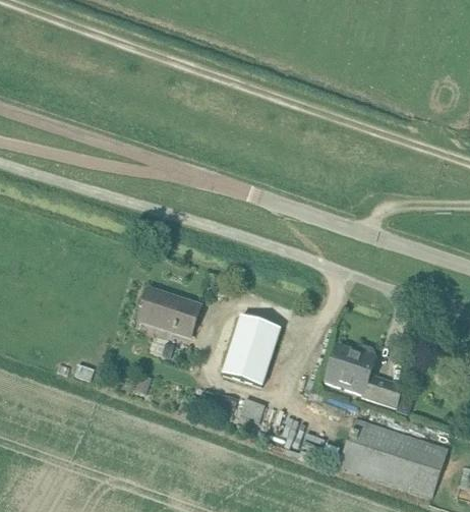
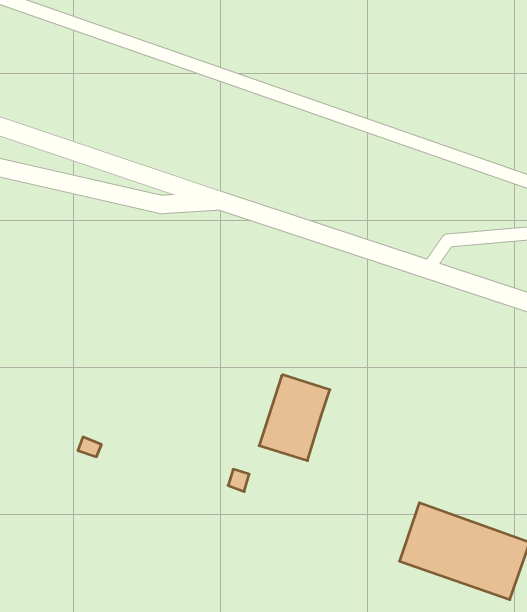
building: [137,286,200,337] -> none
building: [325,344,405,406] -> none

